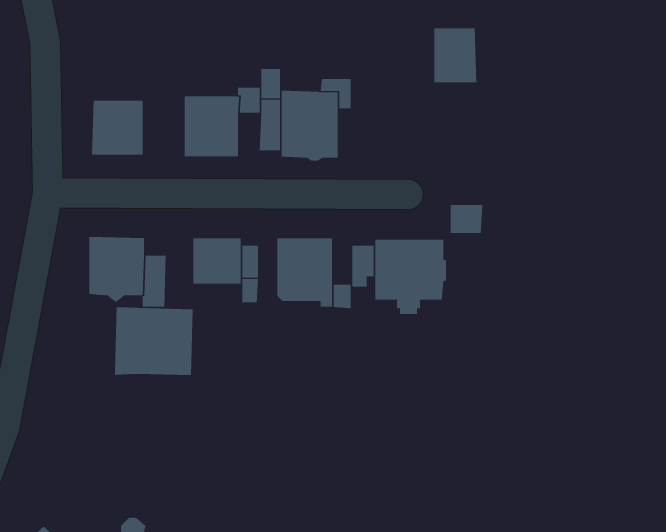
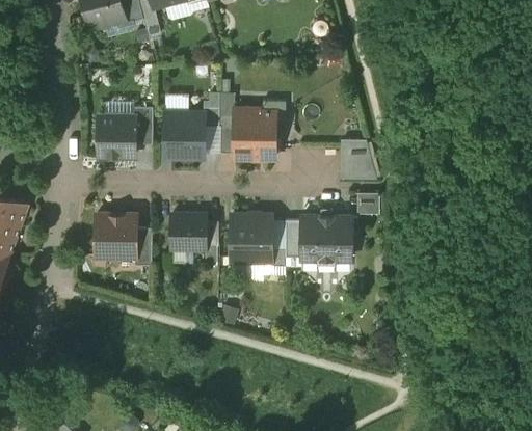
building: [434,28,477,83] -> [341,137,372,177]
building: none -> [134,106,153,143]
building: [114,307,193,376] -> none

